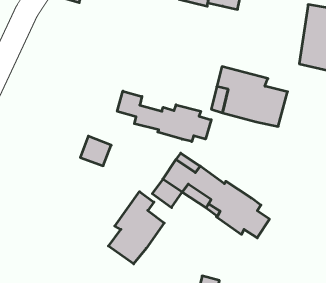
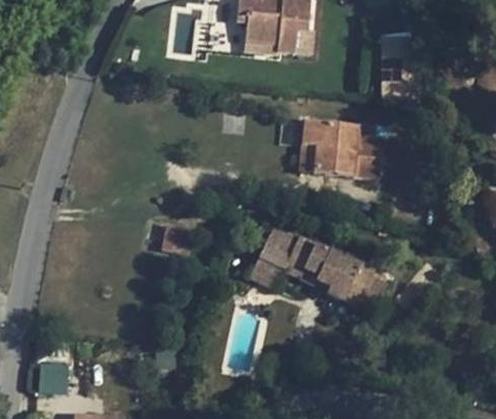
building: [117,91,211,142] -> none
building: [108,192,164,264] -> none

